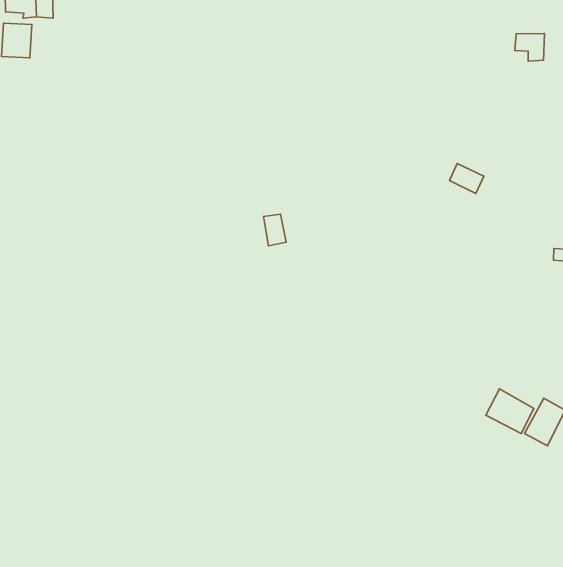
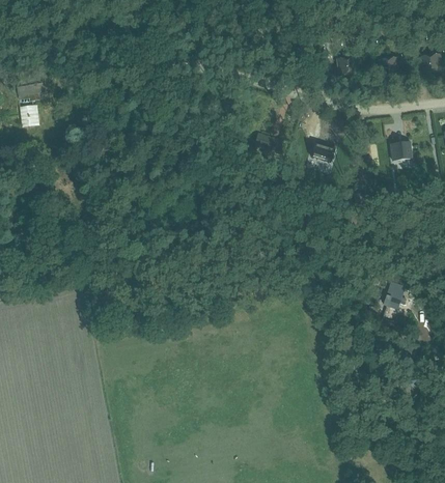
building: [486,389,534,433] -> none

